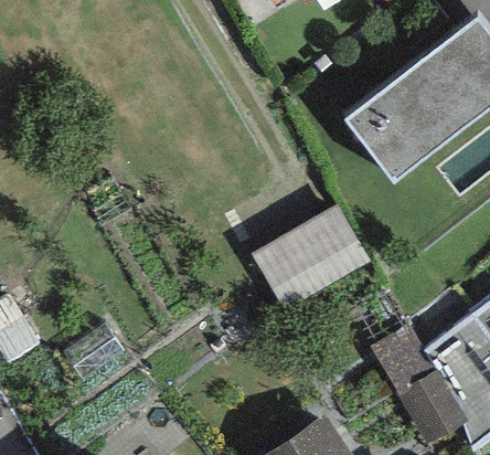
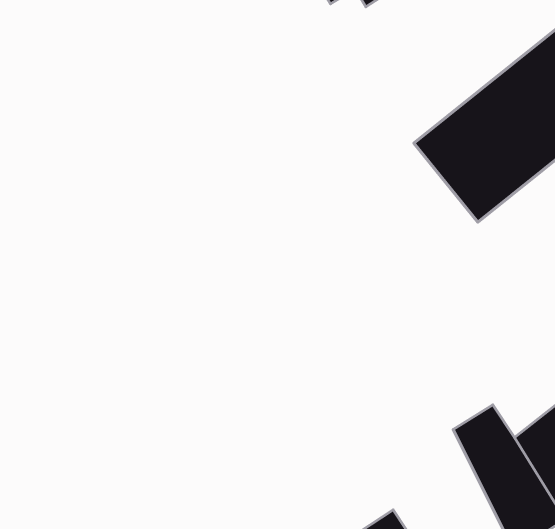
building: [262,205,381,313] -> none

